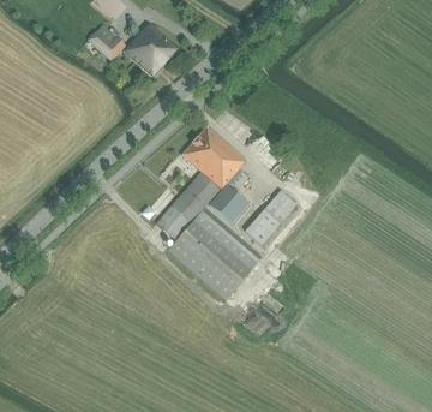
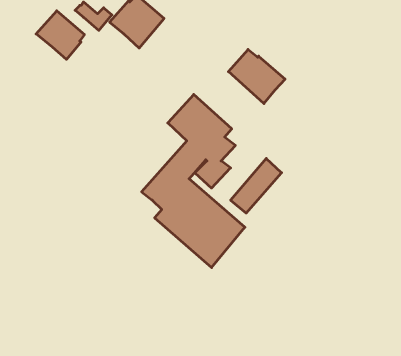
building: none -> [36,11,84,59]
building: none -> [228,49,285,104]

